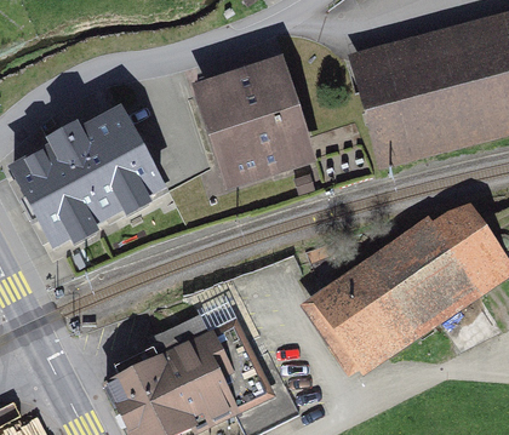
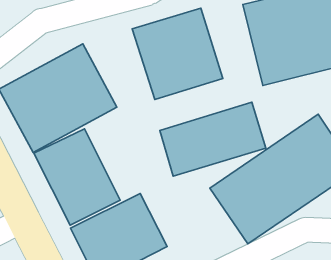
building: none -> [160,102,266,176]
building: none -> [34,129,120,225]

